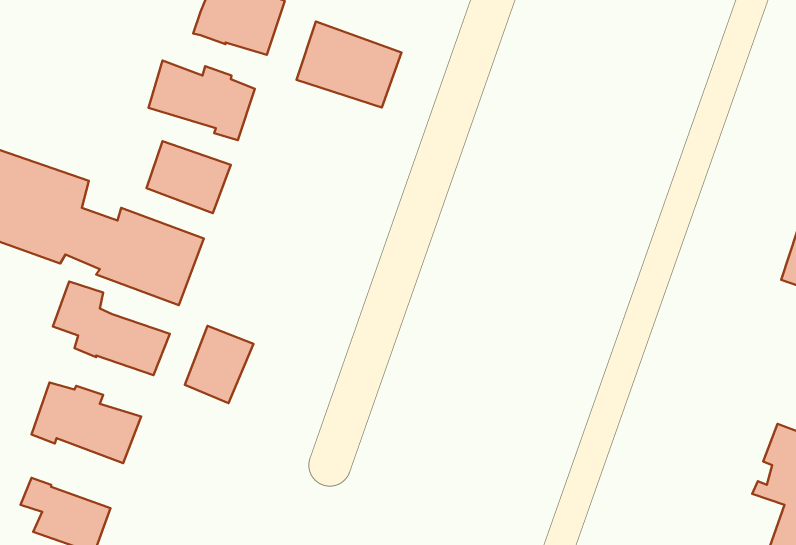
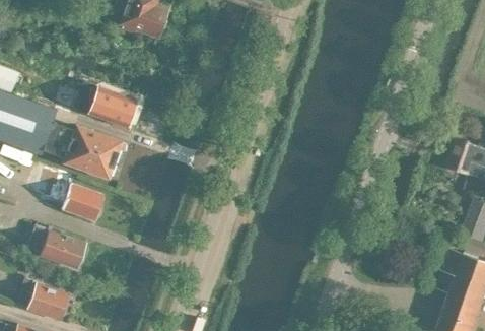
building: [296,22,402,108] -> none
building: [149,60,255,140] -> none
building: [185,326,254,403] -> none

